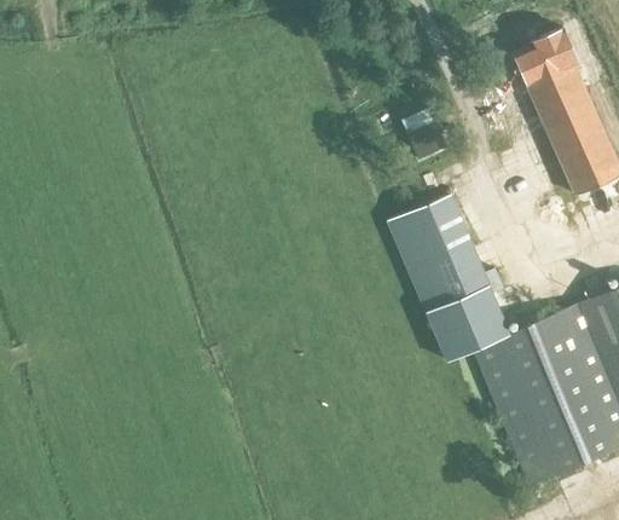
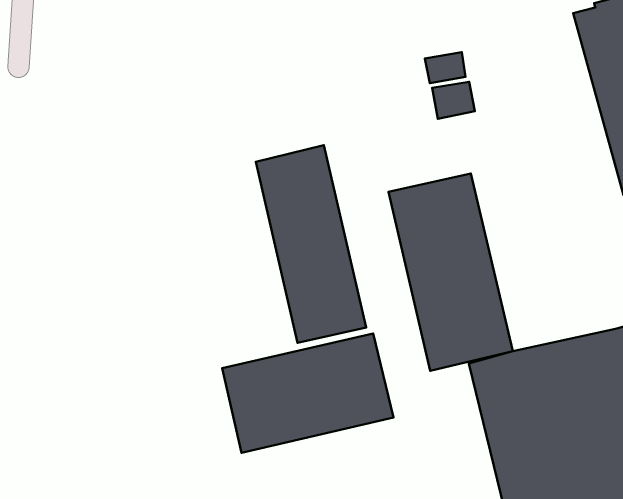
building: none -> [256,145,366,343]
building: none -> [222,334,394,453]

